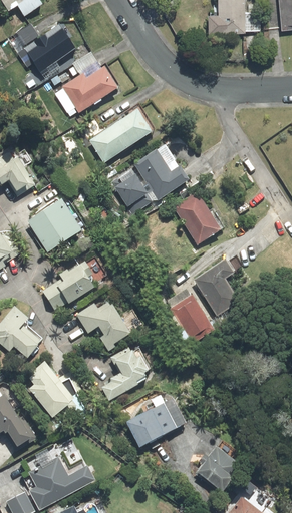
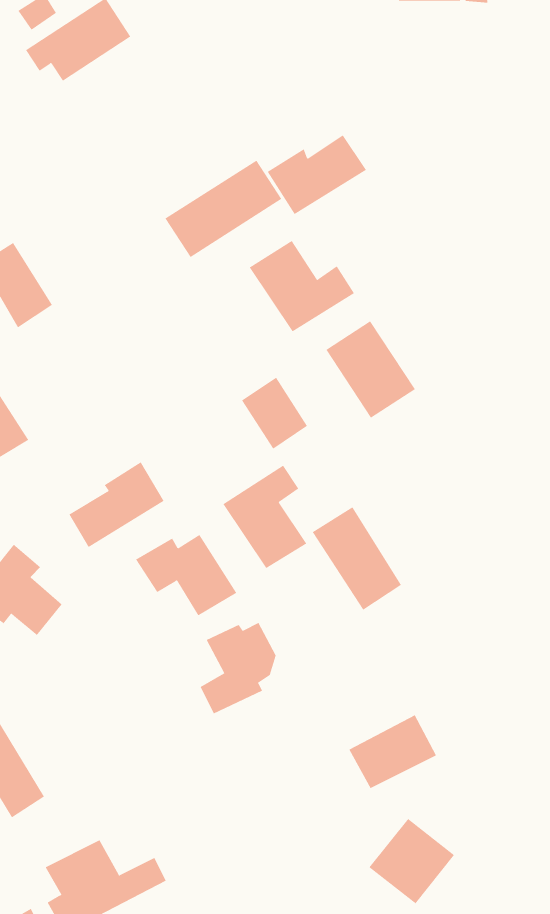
building: [64,68,115,109] -> [267,135,367,215]
building: [116,176,151,213] -> [241,377,308,449]
building: [30,201,79,249] -> none
building: [195,260,238,313] -> [223,465,307,569]
building: [23,363,72,415] -> none
building: [128,405,174,443] -> [349,714,437,789]

